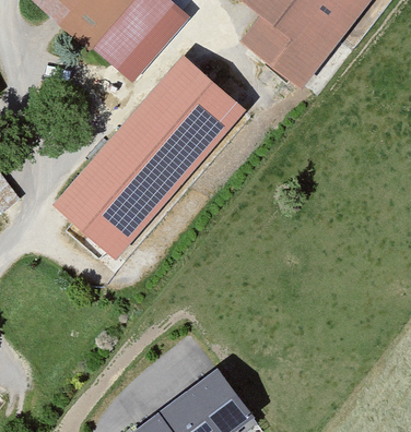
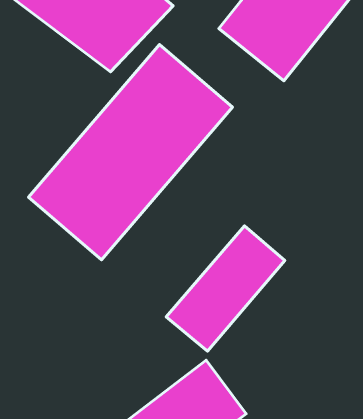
building: none -> [166,226,285,351]

